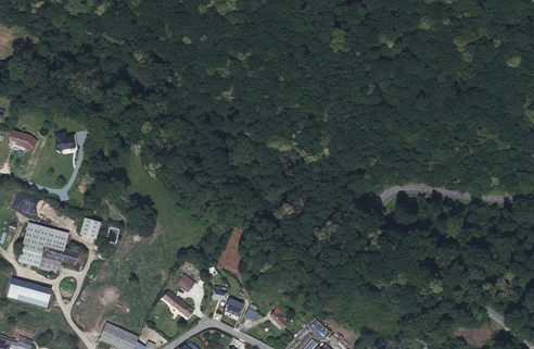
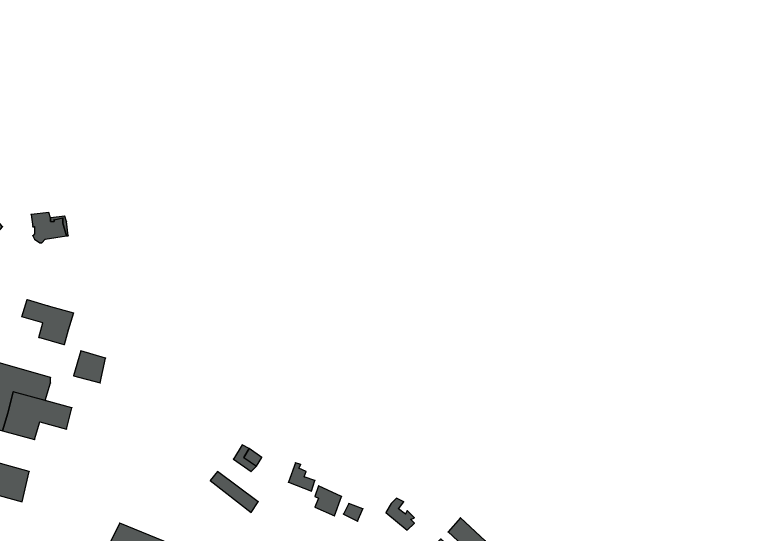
building: none -> [22,300,73,345]

